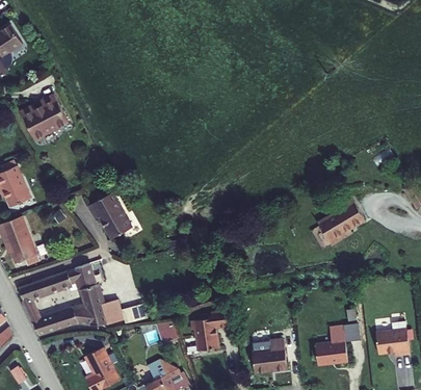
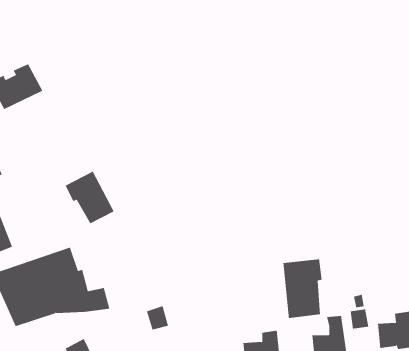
building: [323,199,368,244] -> none
building: none -> [283,259,322,319]
building: [188,311,229,353] -> none

